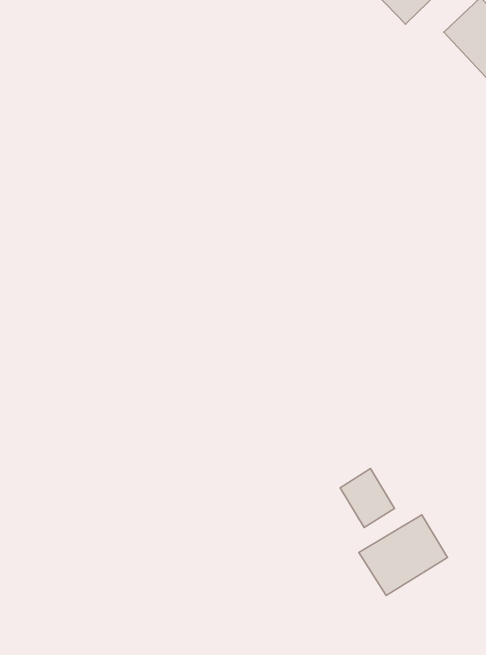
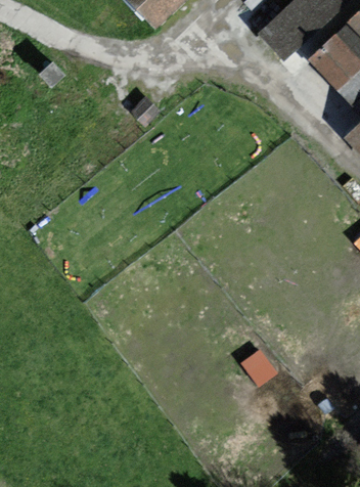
building: [359,515,447,595] -> none

